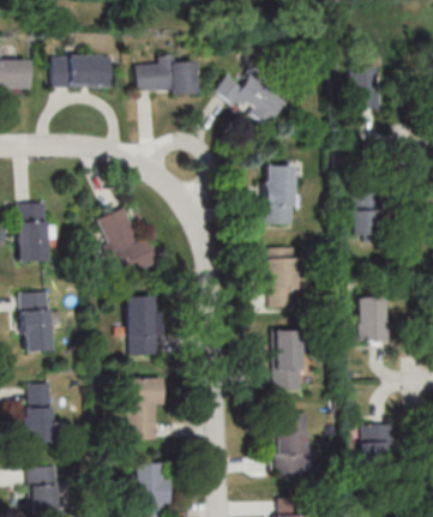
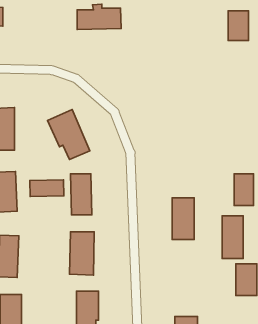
building: [53,56,114,88] -> none
building: [217,71,290,127] -> none
building: [265,164,295,224] -> none
building: [355,193,385,241] -> none
building: [266,248,299,308] -> none
building: none -> [30,180,64,197]
building: [277,414,307,474] -> [222,216,243,258]

